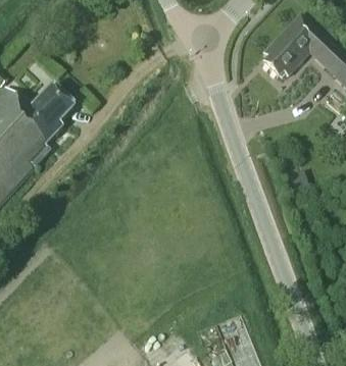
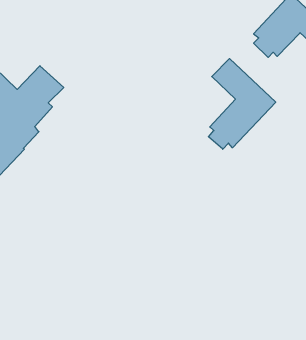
building: none -> [208,59,276,149]

